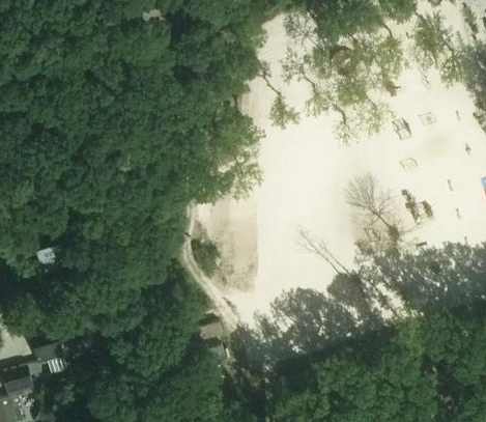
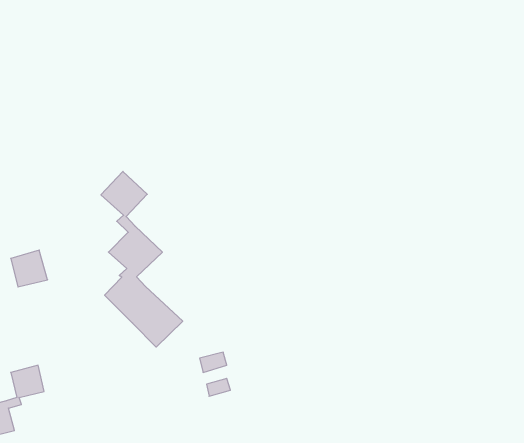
building: none -> [101,171,183,347]

